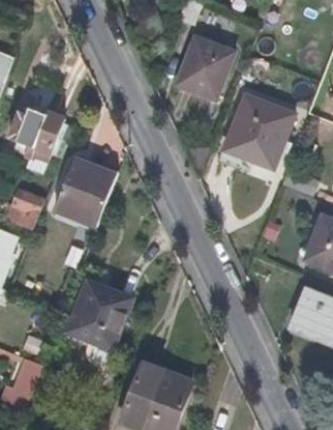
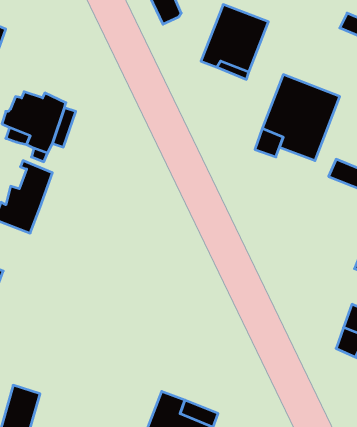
building: [52,157,117,230] -> none
building: [68,280,133,362] -> none

